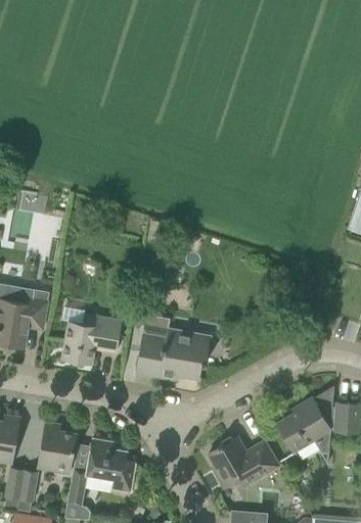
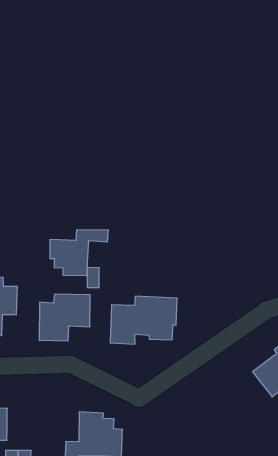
building: none -> [50,230,108,276]
building: [38,428,77,467] -> none
building: [209,437,278,488] -> none

